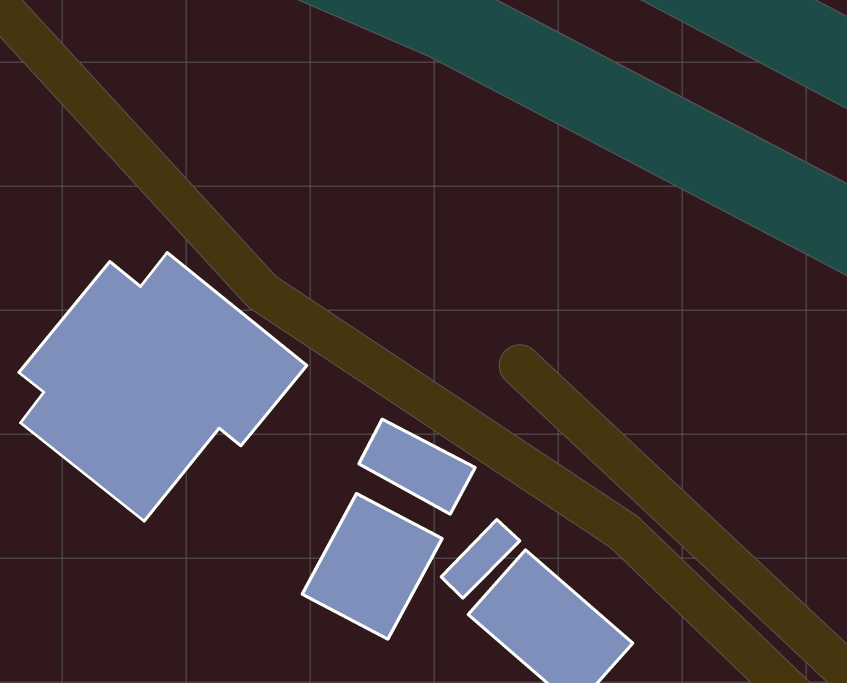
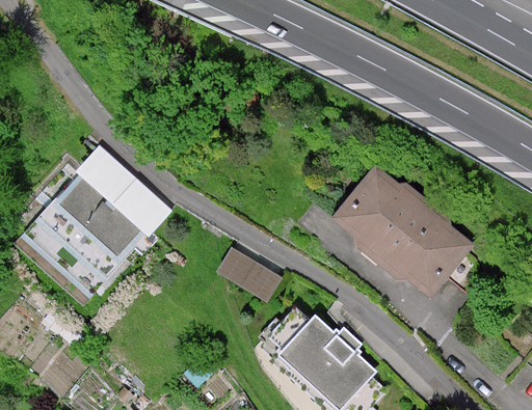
building: none -> [335,164,475,294]
building: [302,493,442,639] -> none

